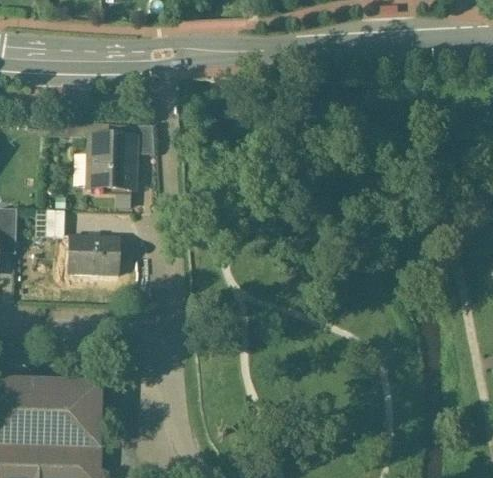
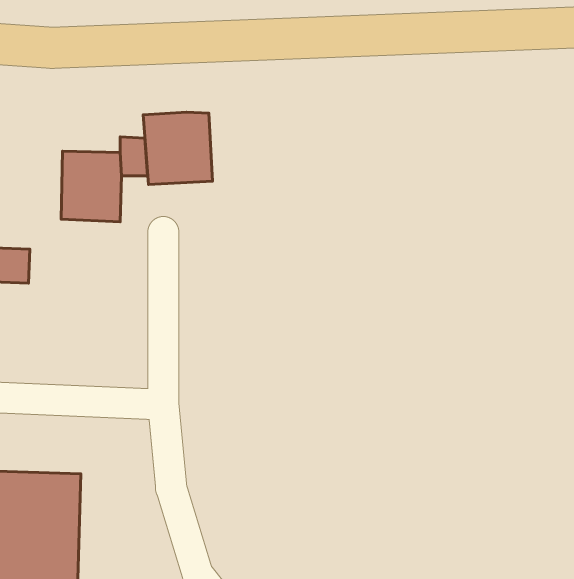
building: none -> [143,112,213,184]
building: [67,235,120,274] -> none

